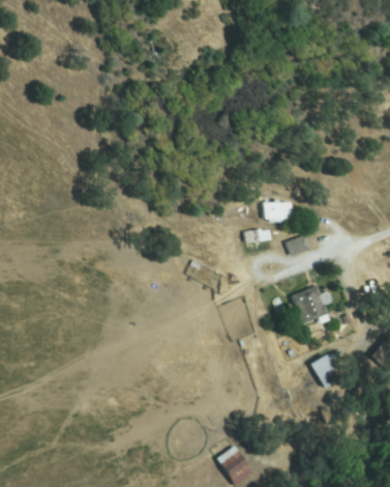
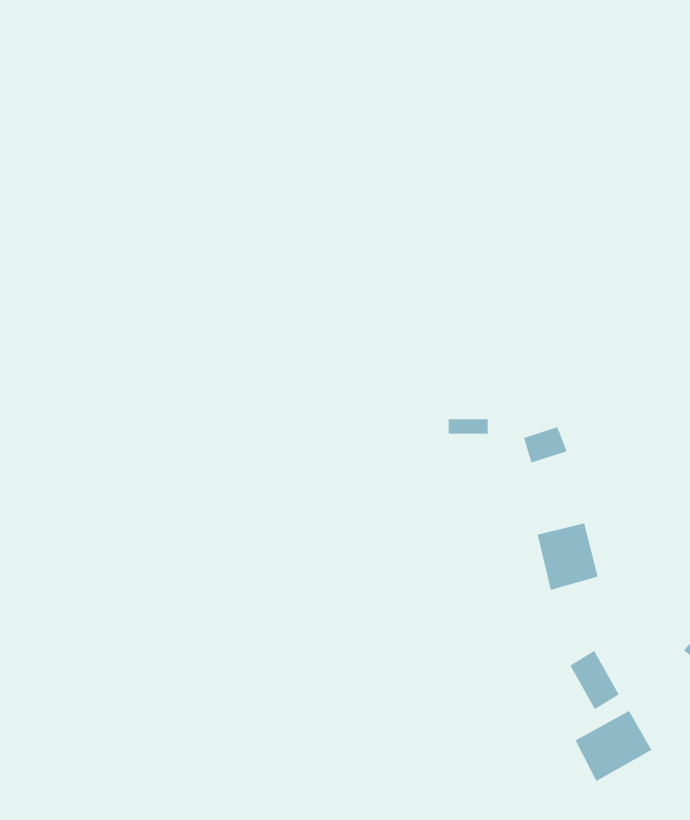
building: [265,202,291,221] -> none
building: none -> [575,710,652,782]

